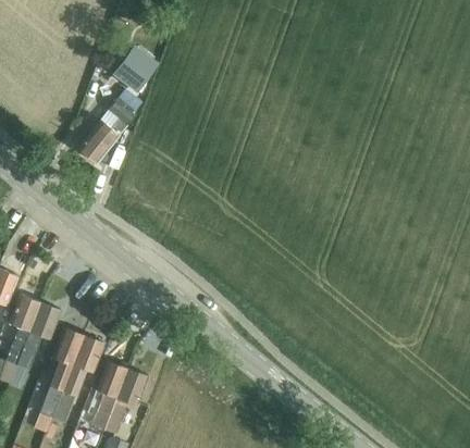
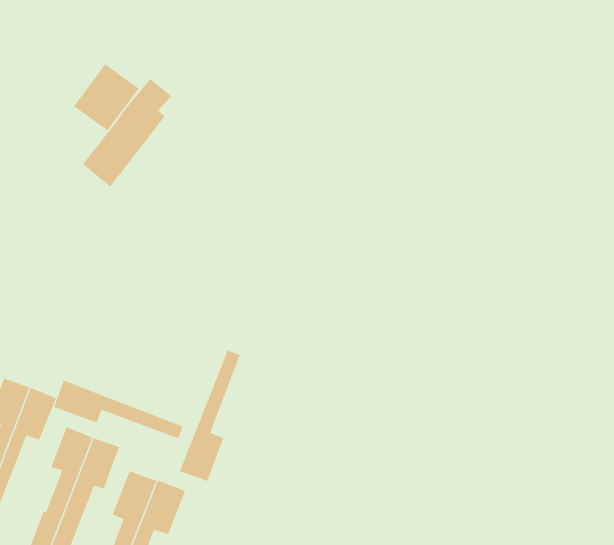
building: [111,47,157,94] -> [73,64,139,131]
building: none -> [179,350,241,482]
building: none -> [53,380,183,439]

